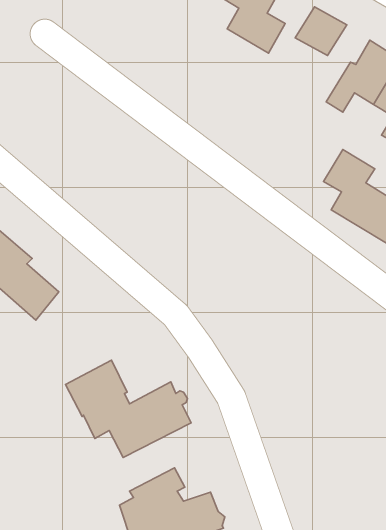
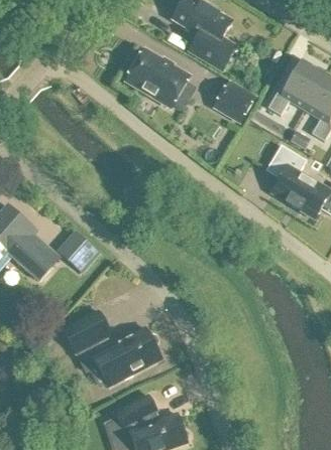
building: [295,7,347,56] -> [213,82,253,120]
building: none -> [124,48,188,106]
building: none -> [58,232,98,271]

